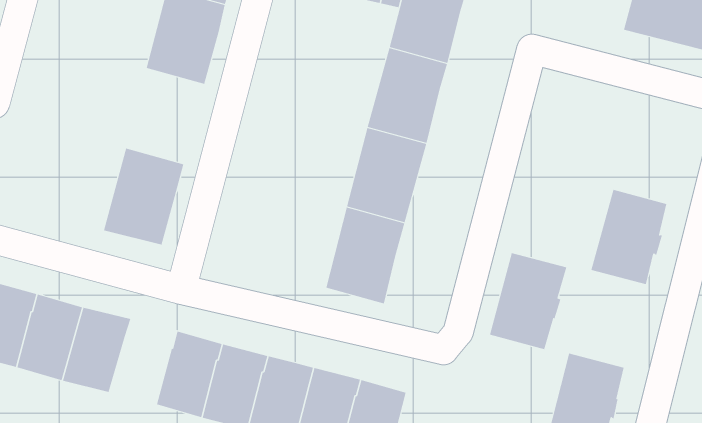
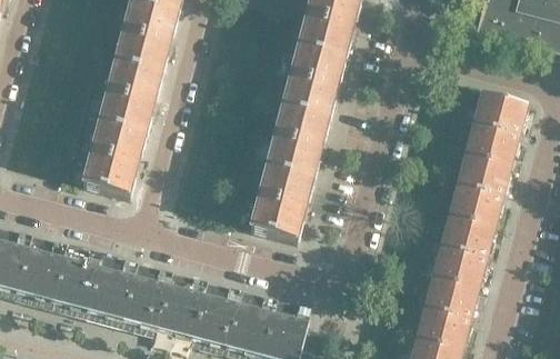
building: none -> [99,66,159,138]
building: none -> [467,91,524,168]
building: [489,252,567,350] -> [433,218,492,291]
building: none -> [87,255,138,319]

